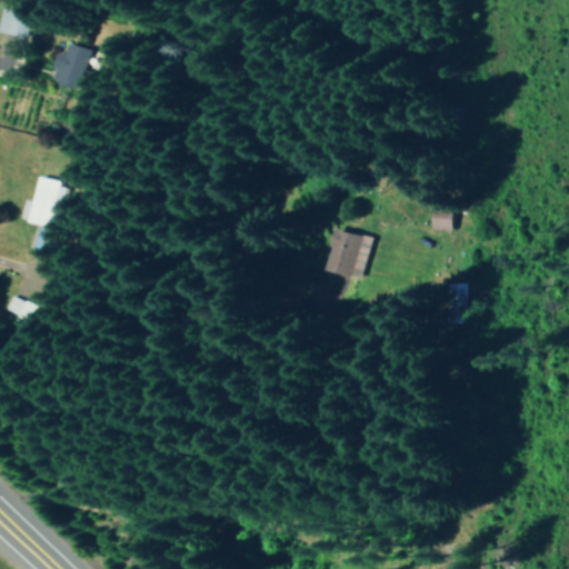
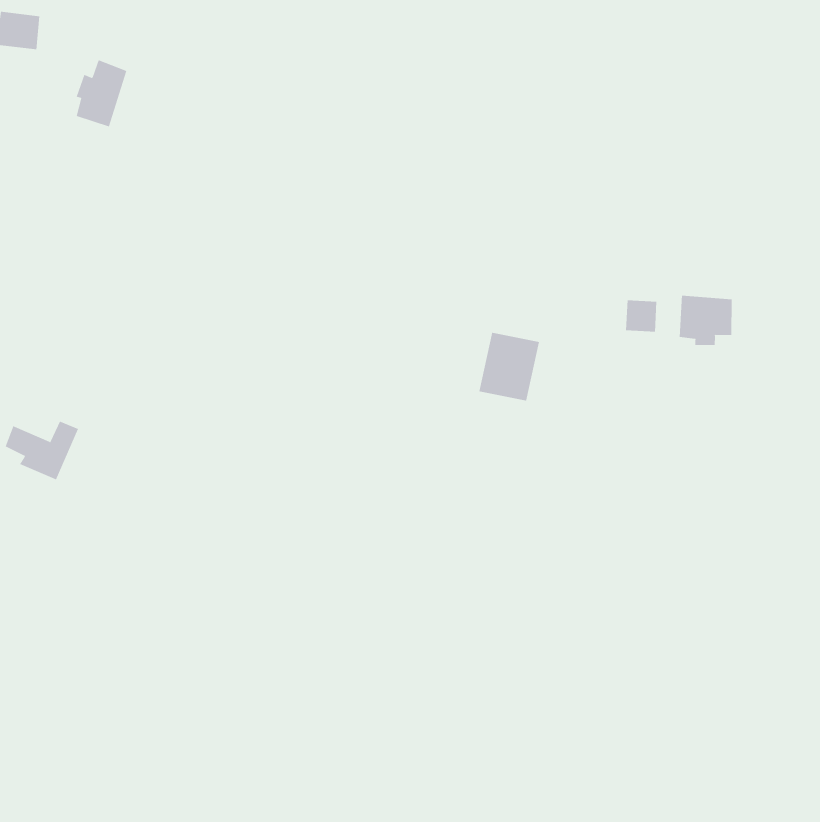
building: [18,178,63,229] -> none
building: none -> [679,295,732,346]

